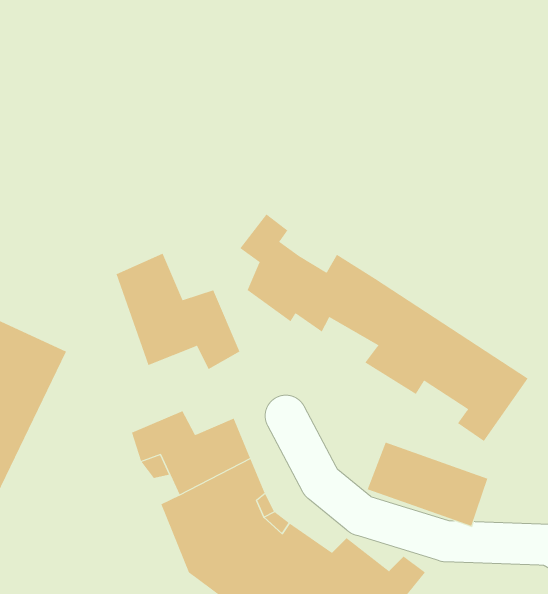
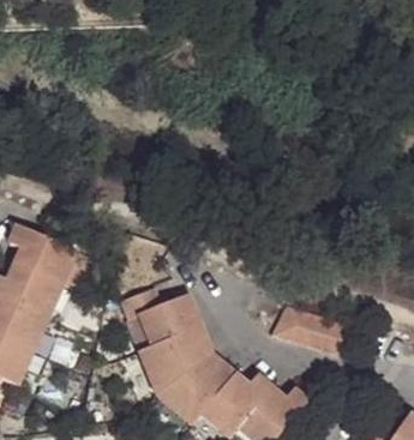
building: [239,213,528,442] -> none
building: [116,253,240,370] -> none

